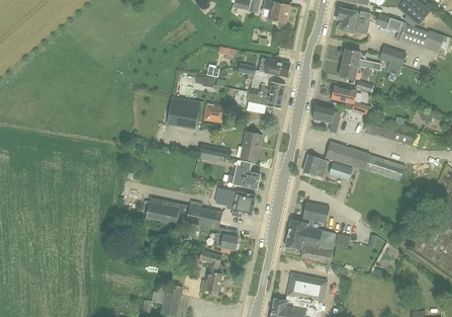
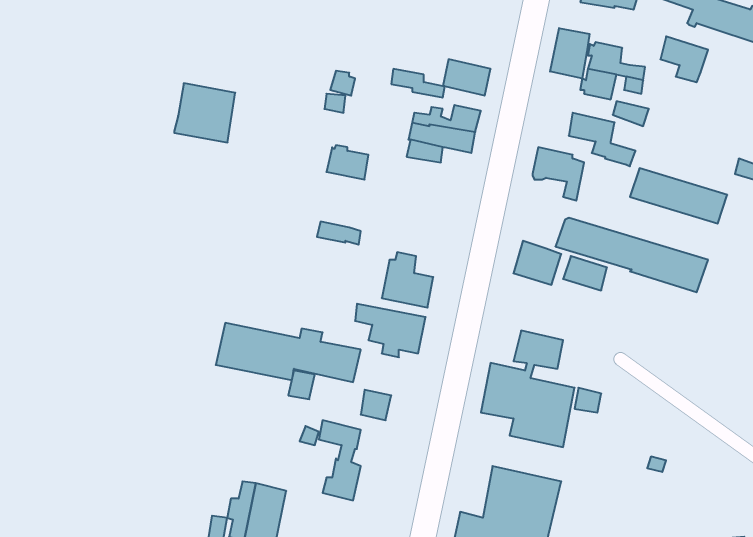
building: none -> [550,28,590,78]
building: [167,97,199,129] -> [174,83,235,142]
building: [240,131,262,161] -> none

